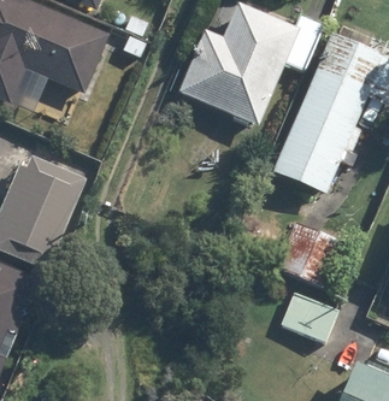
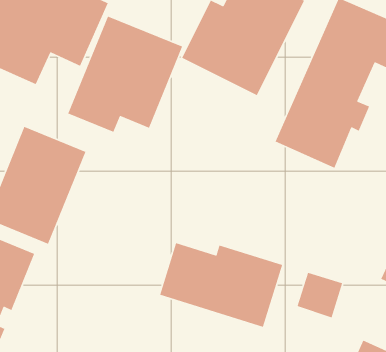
building: none -> [67,15,183,133]
building: none -> [159,242,283,328]

